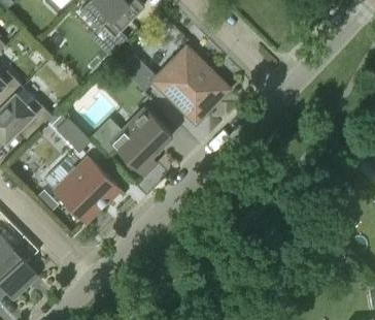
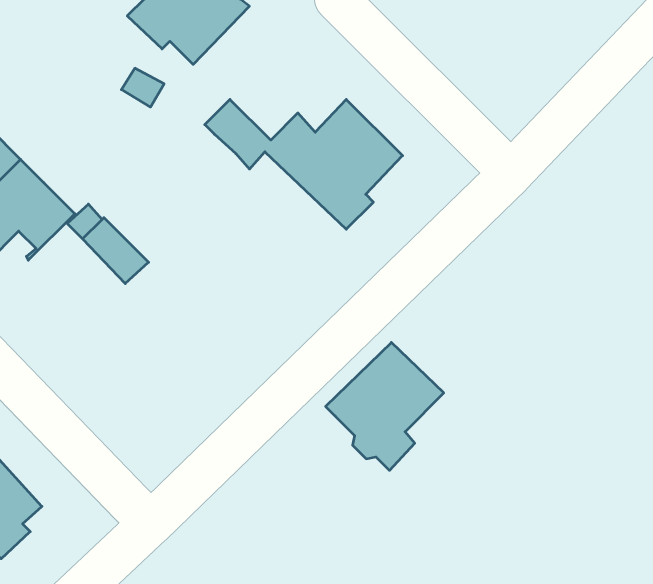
building: [109,108,172,177] -> [326,342,444,470]
building: [55,158,126,224] -> none

